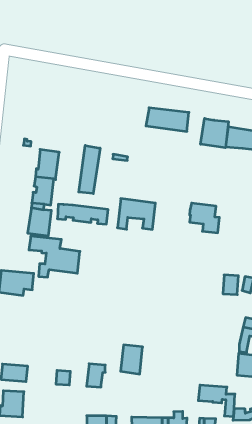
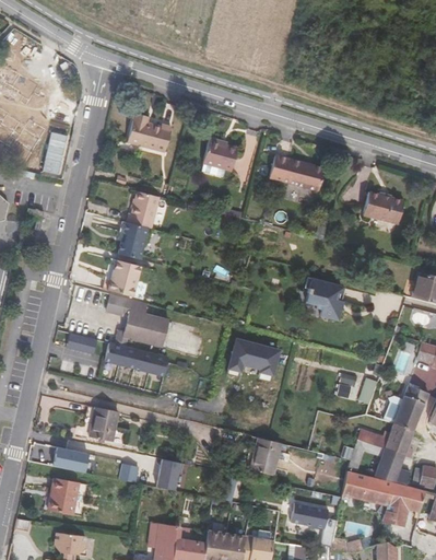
building: none -> [128,115,172,151]
building: none -> [200,138,237,176]
building: [201,118,228,148] -> none
building: [79,145,100,194] -> none
building: [117,199,155,229] -> [227,339,278,382]
building: [57,204,108,224] -> [104,343,167,375]
building: none -> [89,407,118,442]
building: [121,345,143,374] -> [249,438,280,476]

